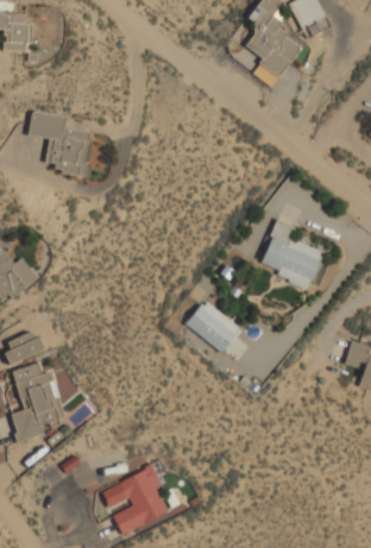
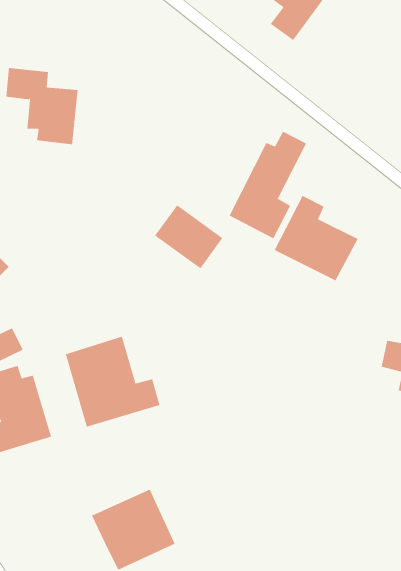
building: none -> [229,131,307,239]
building: [186,298,244,353] -> [154,204,223,269]
building: none -> [65,336,160,427]

